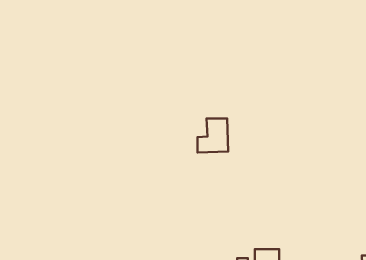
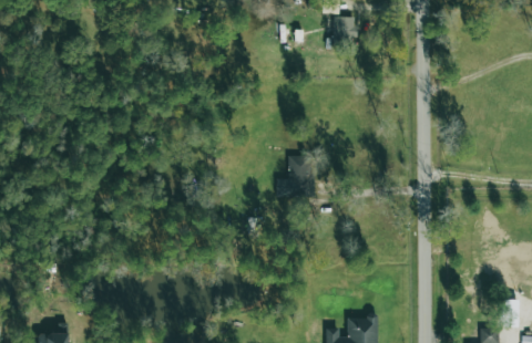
building: none -> [334,17,357,44]

